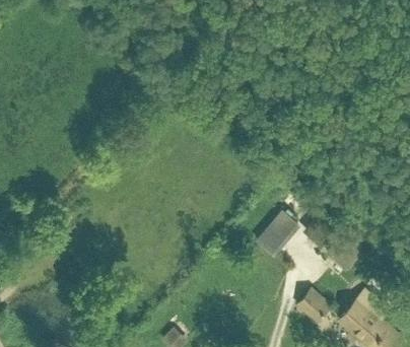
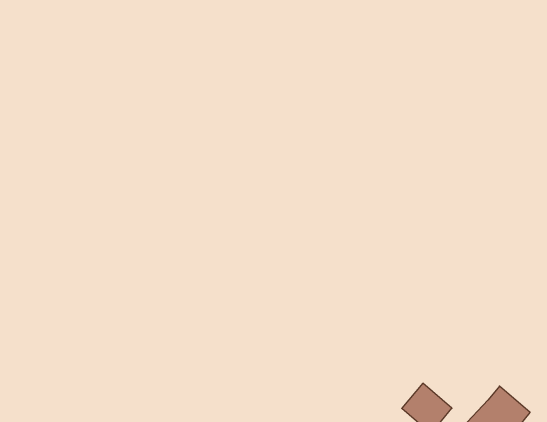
building: [259,208,292,241] -> none

